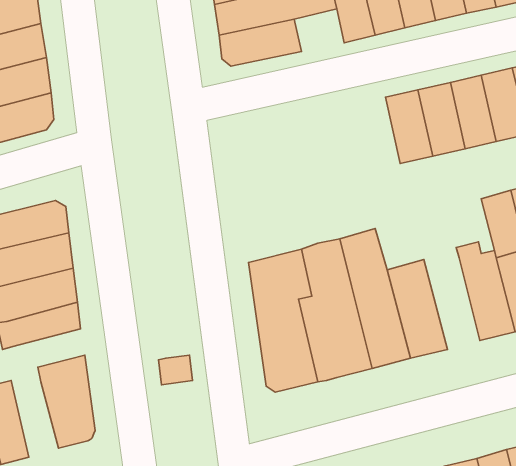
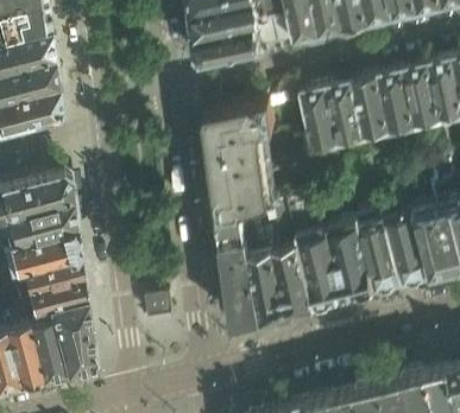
building: none -> [301,89,338,148]
building: none -> [202,101,275,222]
building: none -> [347,180,402,292]
building: none -> [25,275,83,311]
building: none -> [25,318,62,379]

